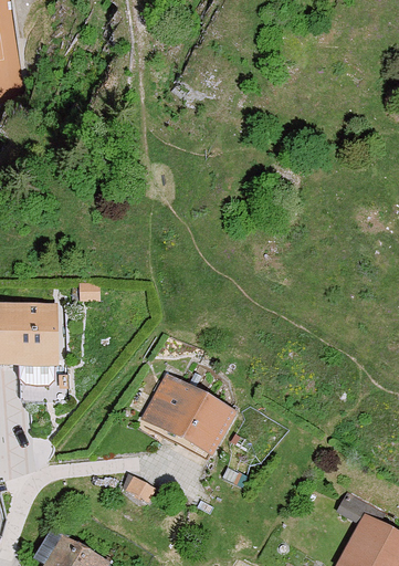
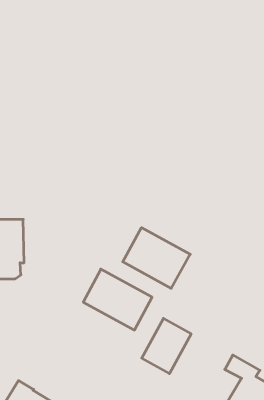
building: none -> [123,228,190,288]
building: none -> [142,318,191,374]

